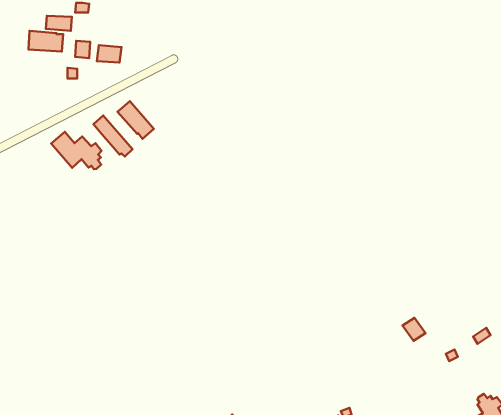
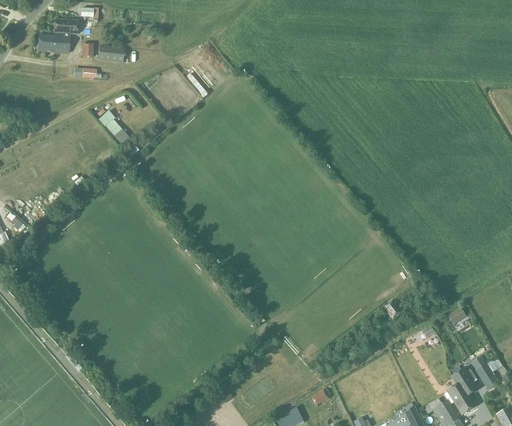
building: [118,101,154,139] -> none
building: [51,132,101,169] -> none

